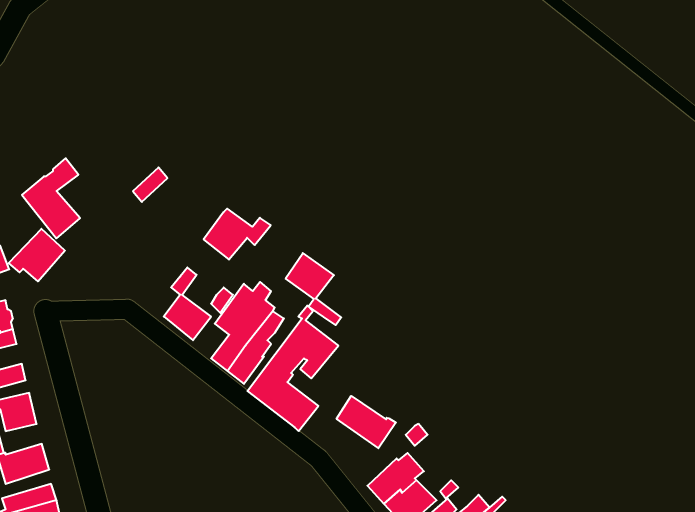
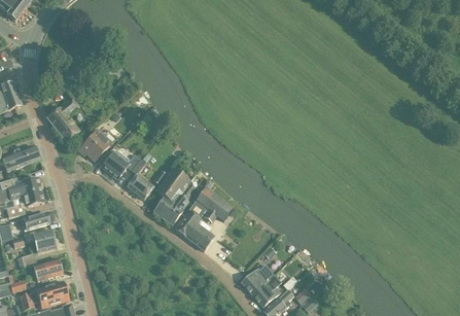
building: [204,209,271,260] -> [102,149,140,178]
building: [9,229,65,281] -> [78,130,110,160]
building: [286,253,341,325] -> none
building: [337,396,396,448] -> none

